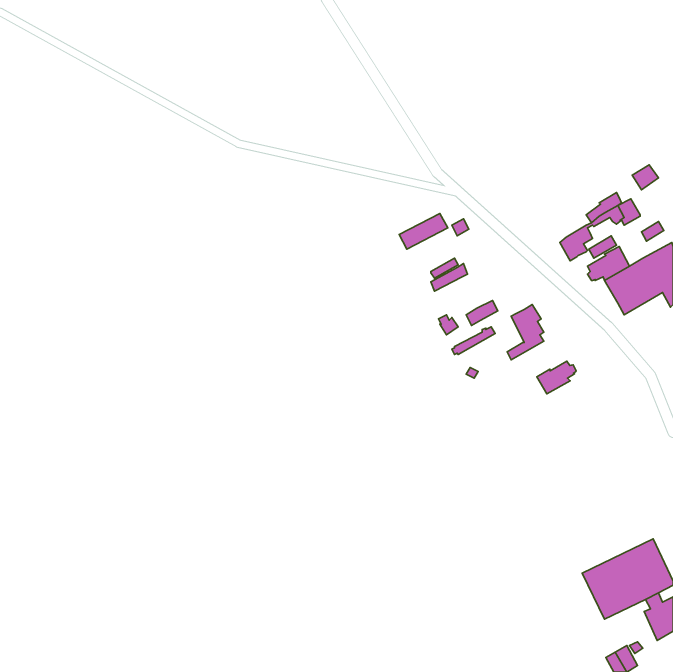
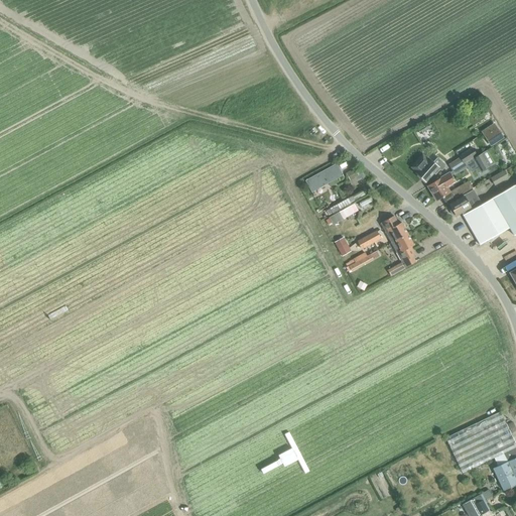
building: none -> [411,154,445,181]
building: none -> [380,216,407,242]
building: [537,361,576,394] -> none

